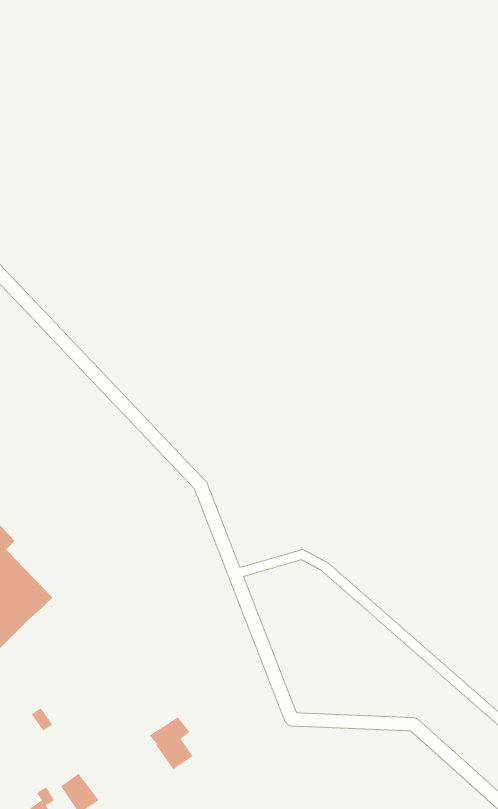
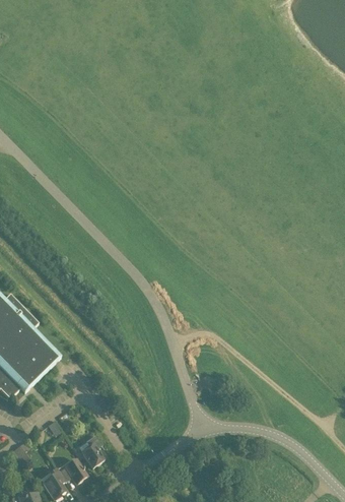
building: [149,717,193,770] -> [77,436,103,467]

